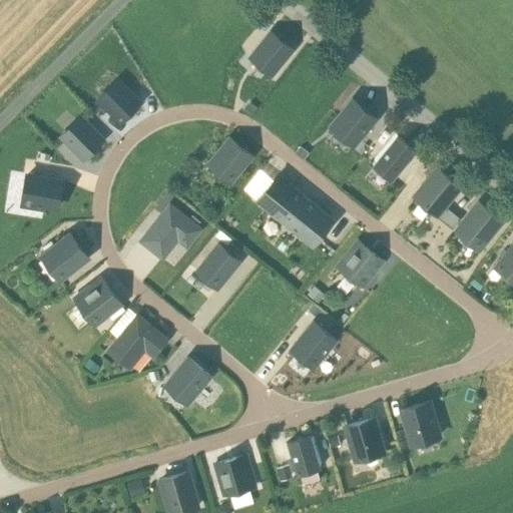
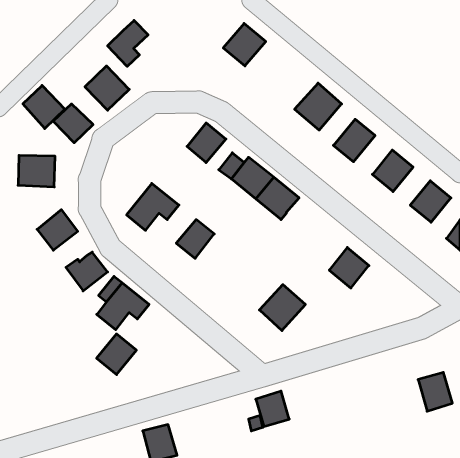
building: none -> [108,20,148,66]
building: none -> [23,85,65,129]
building: [337,243,381,289] -> [329,247,369,288]
building: [164,360,208,405] -> [97,334,136,375]
building: [400,404,438,447] -> [418,372,452,411]
building: [344,420,383,462] -> none
building: [213,458,253,498] -> none

